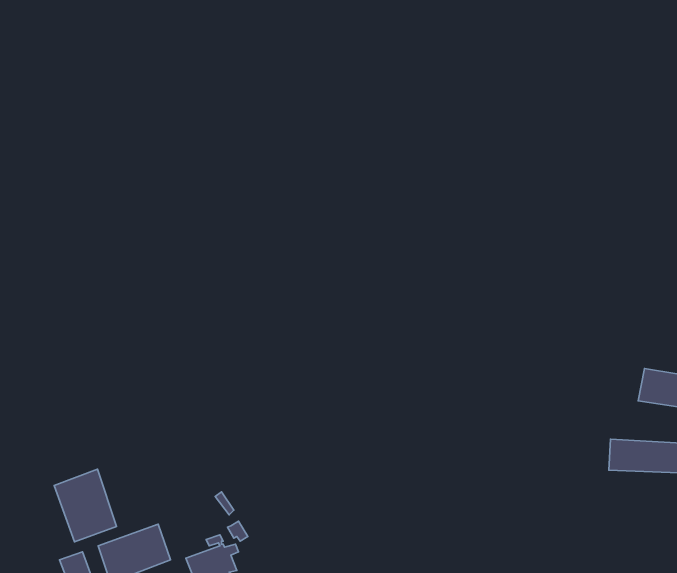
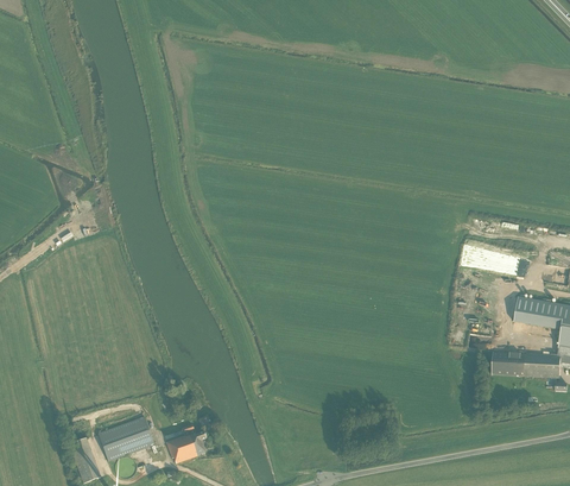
building: [54,469,116,542] -> none

